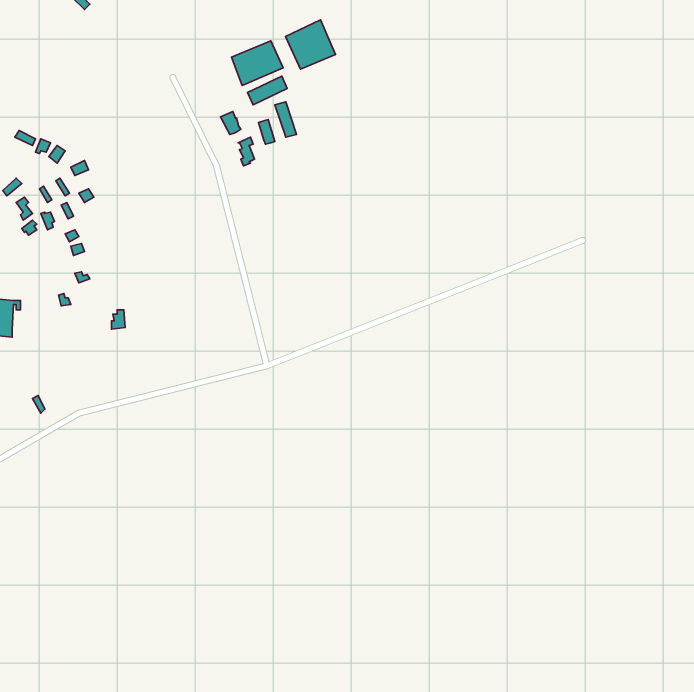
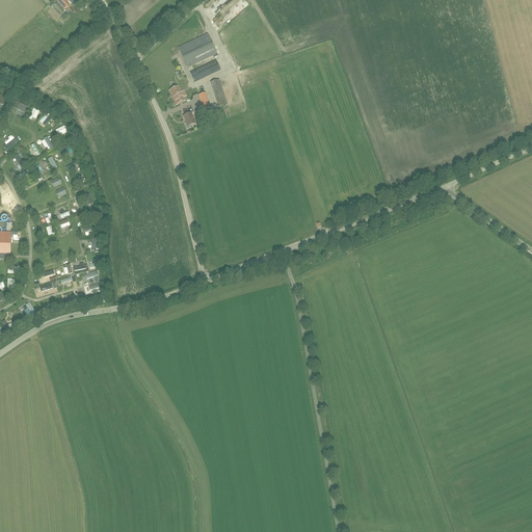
building: [285,20,336,69] -> none

